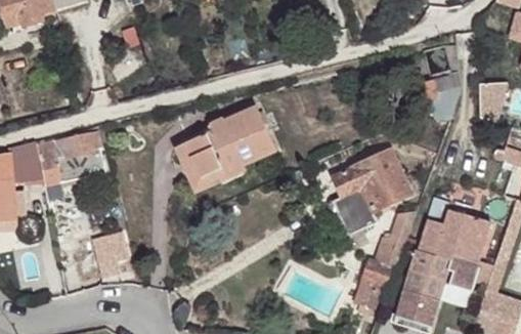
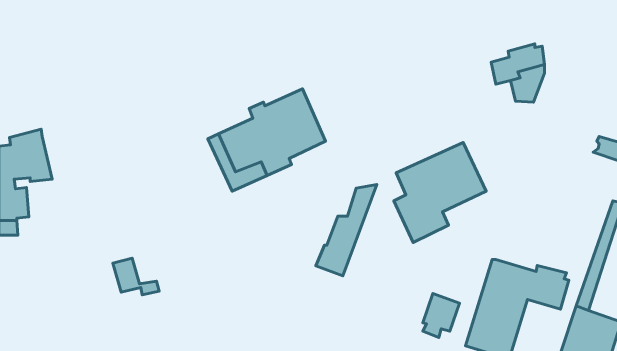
building: [480,83,508,122] -> none
building: [36,131,105,185] -> none
building: [364,210,416,287] -> [316,184,377,276]
building: [418,210,490,262] -> none

